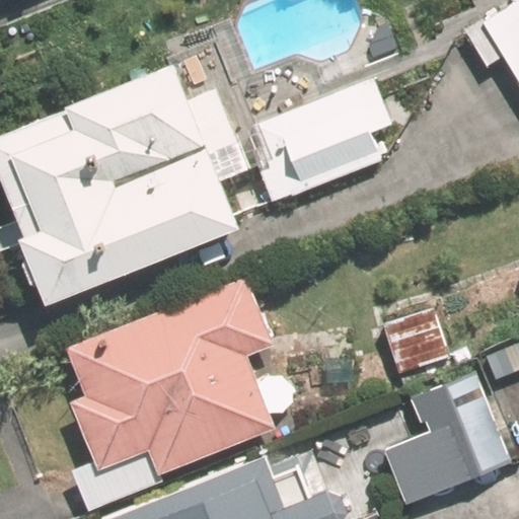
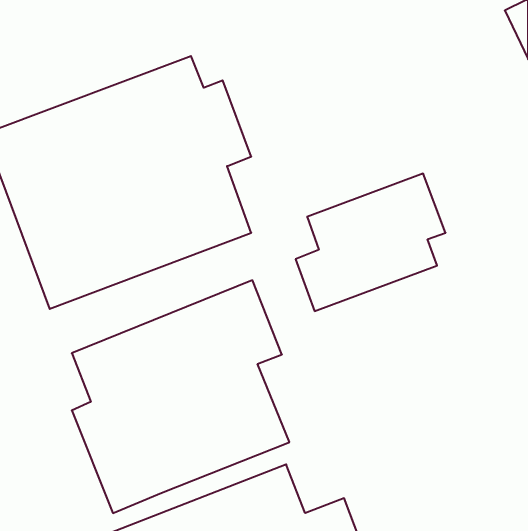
building: [249,75,393,207] -> [296,174,446,311]
building: [378,372,489,508] -> none

